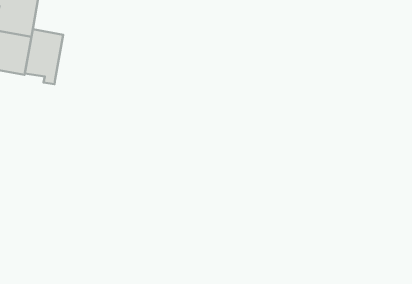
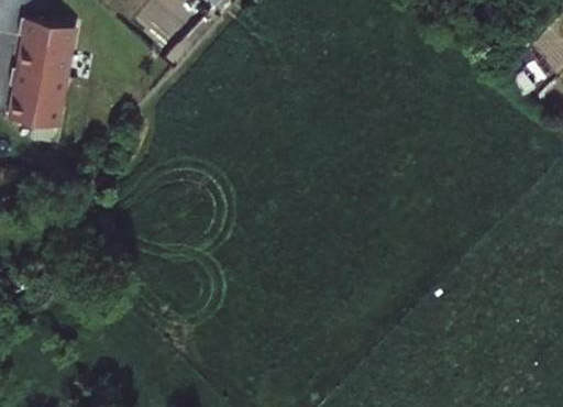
building: [25,29,63,84] -> none

